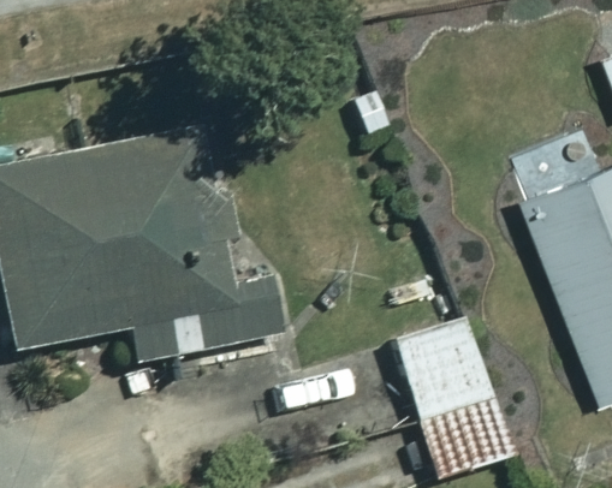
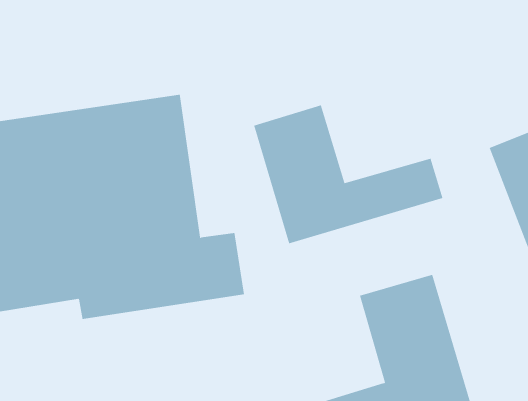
building: none -> [254,105,443,244]

